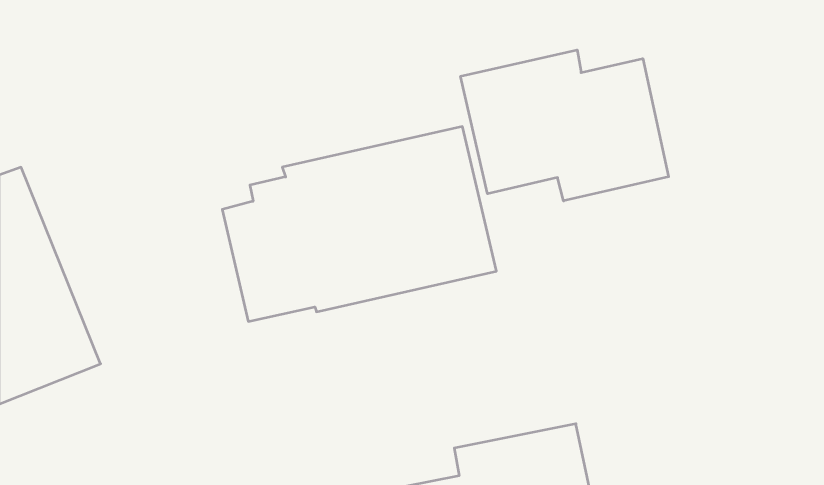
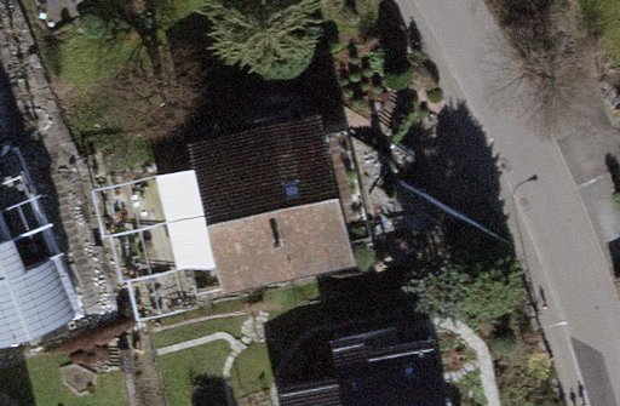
building: [461,50,669,201] -> none

